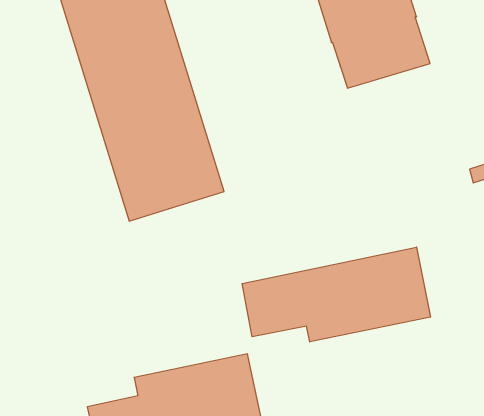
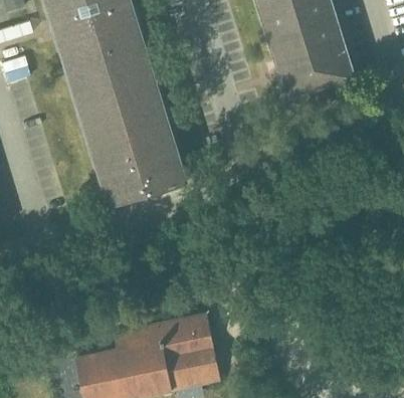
building: [242,247,431,342] -> none

